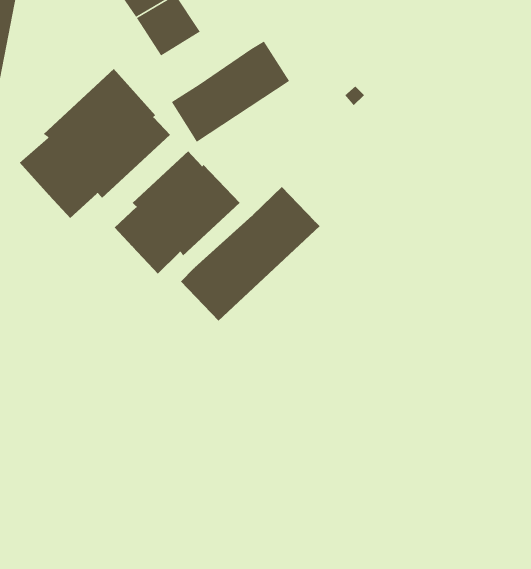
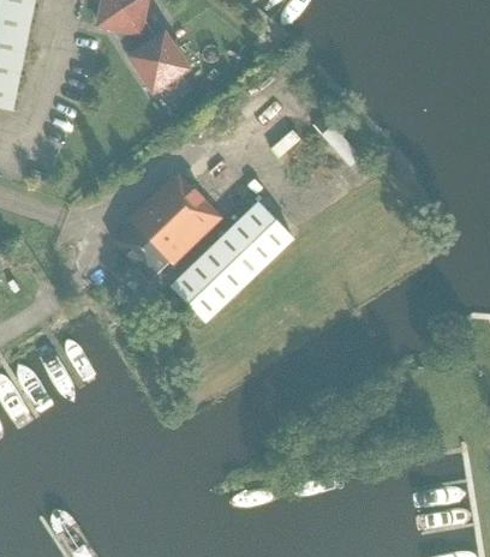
building: [171,40,290,143] -> none
building: [19,68,171,219] -> none

